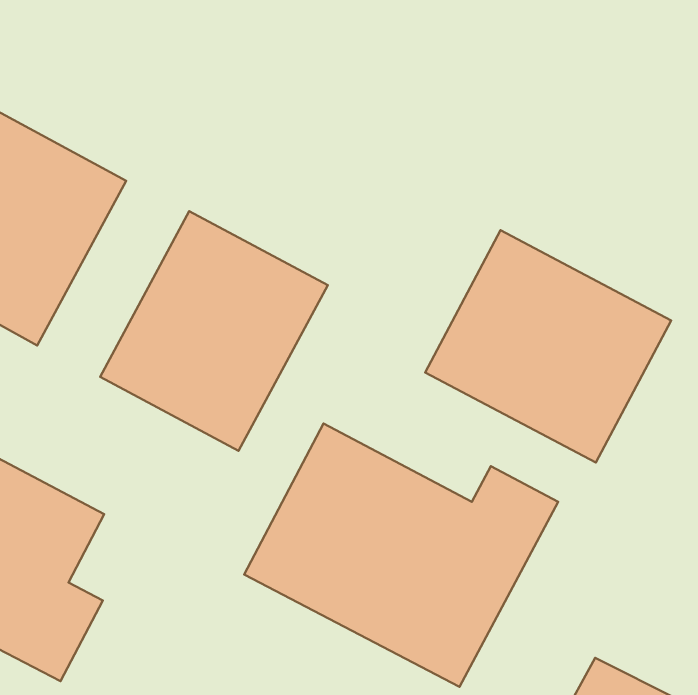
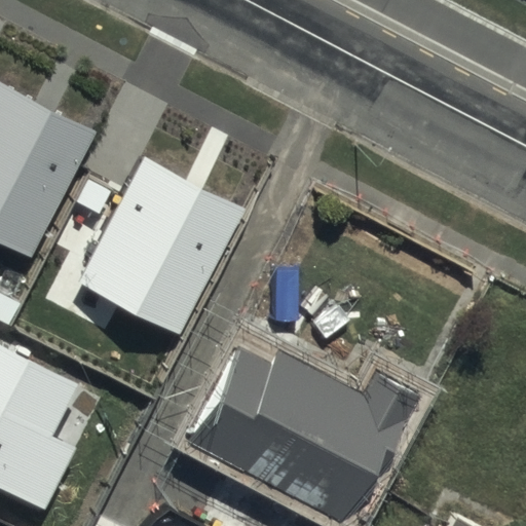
building: [425,230,671,462] -> none

